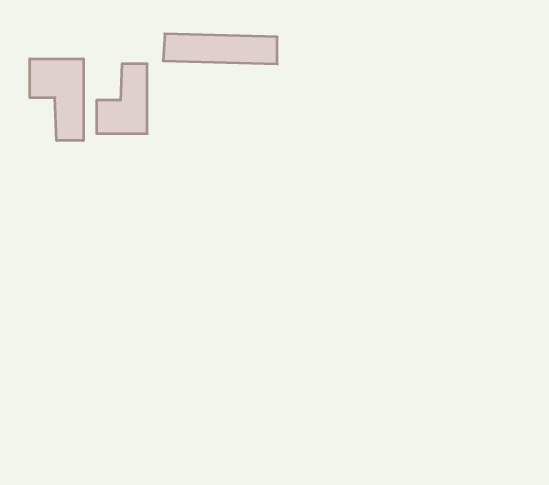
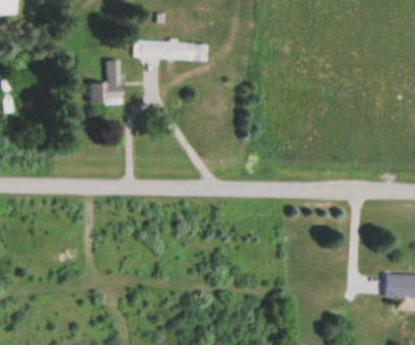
building: [30,59,83,141] -> none

